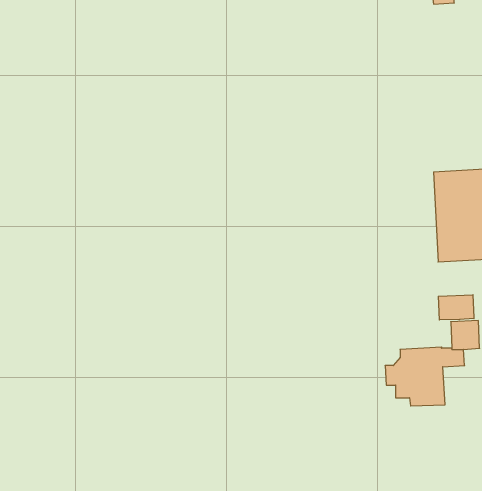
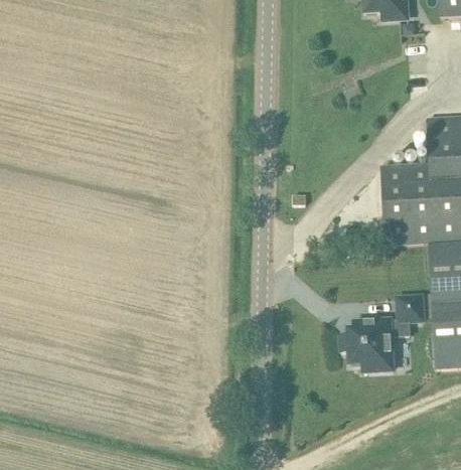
building: [438,295,474,320] -> none

